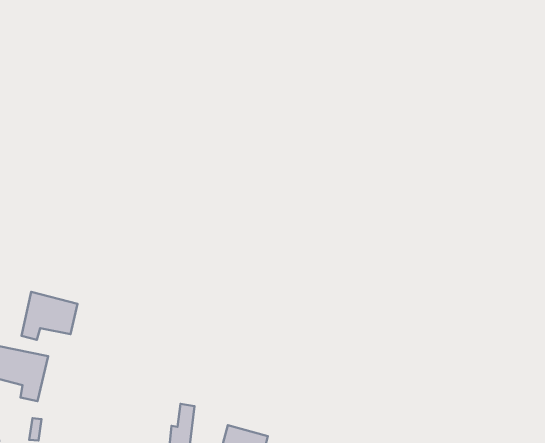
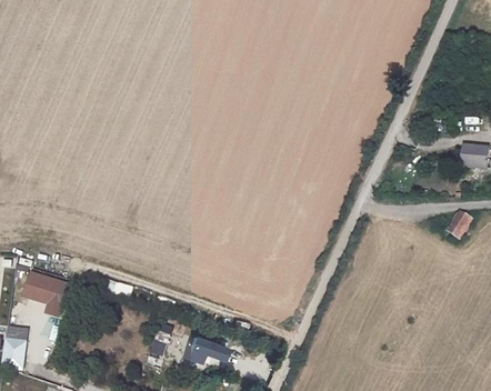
building: [21,292,77,340] -> none

